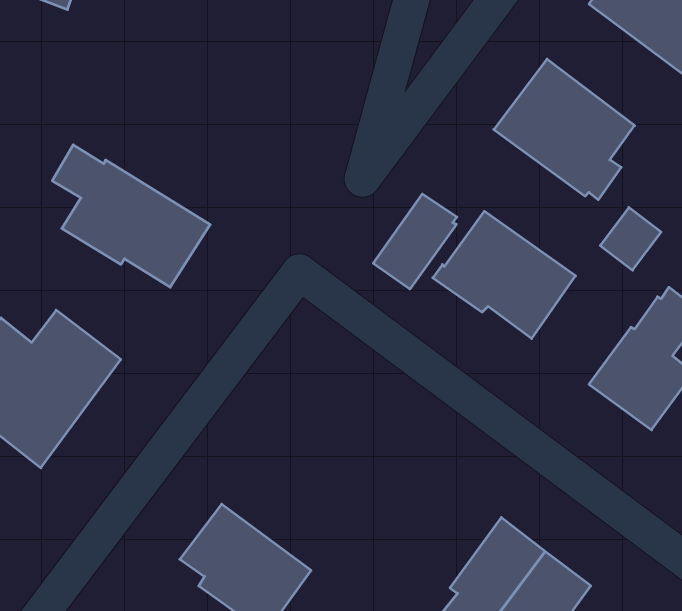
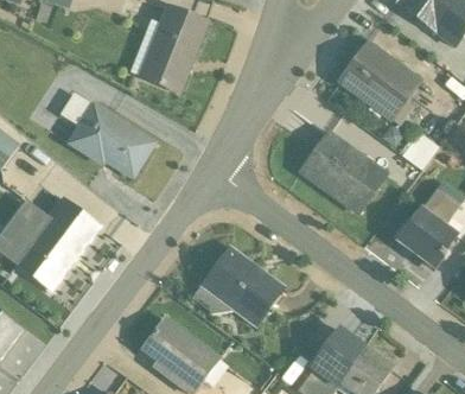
building: none -> [140,6,206,91]
building: [373,194,457,289] -> none
building: none -> [193,248,284,324]

